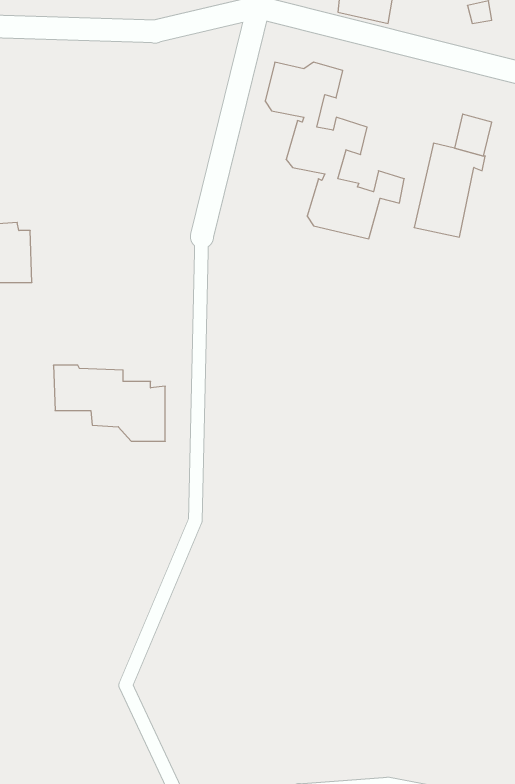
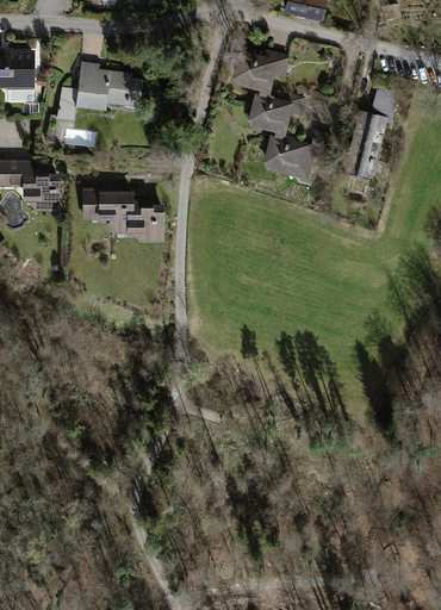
building: none -> [57,61,142,120]
building: [53,365,165,441] -> [81,187,163,243]

